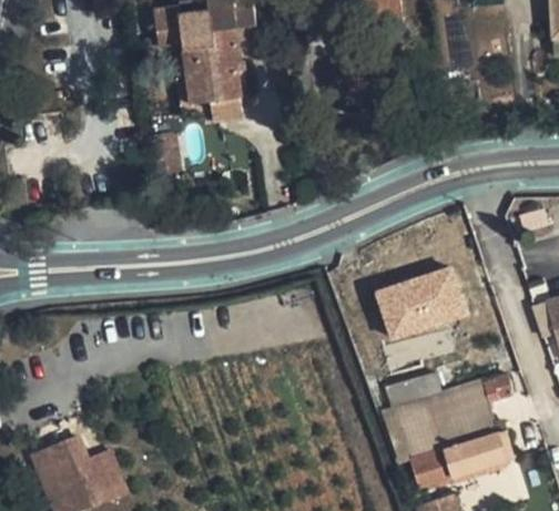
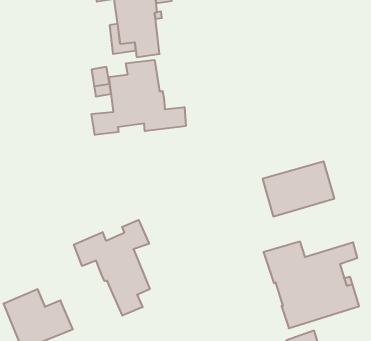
building: none -> [92,60,186,135]
building: none -> [74,220,150,316]

